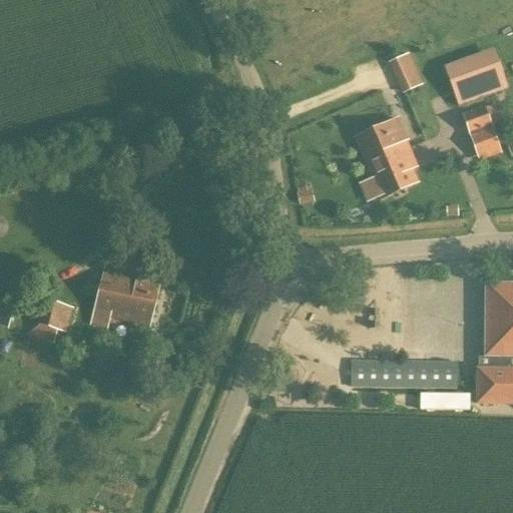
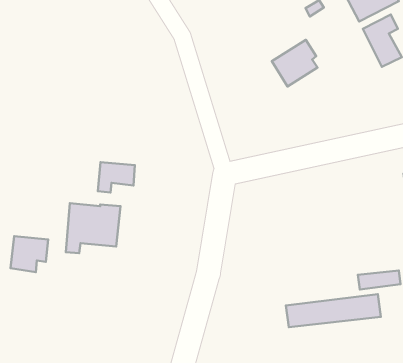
building: [368,151,418,197] -> none
building: none -> [98,162,135,192]
building: [351,361,457,388] -> [286,294,381,327]

